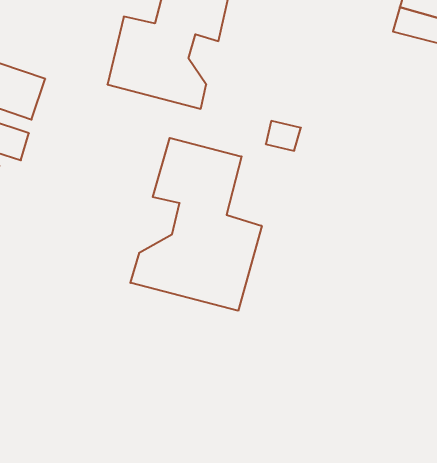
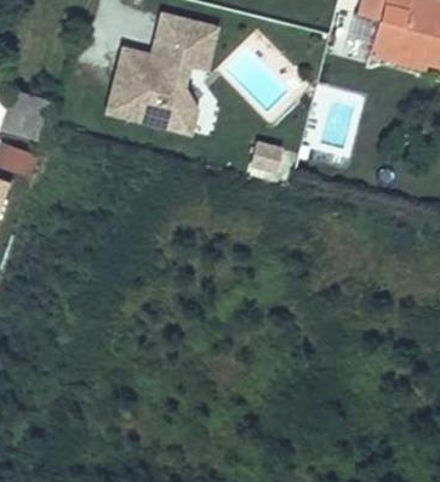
building: [130,138,262,311] -> none

